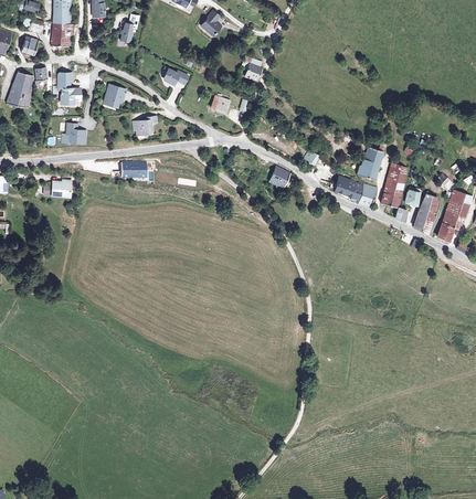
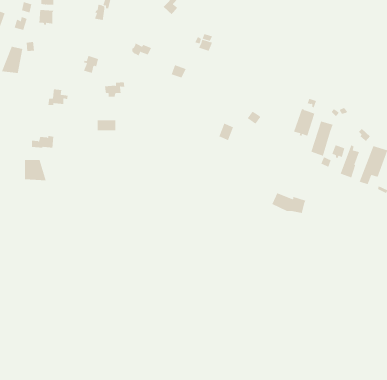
building: [56,73,78,104] -> none
building: [336,177,378,202] -> [271,192,306,213]
building: none -> [24,159,46,181]

